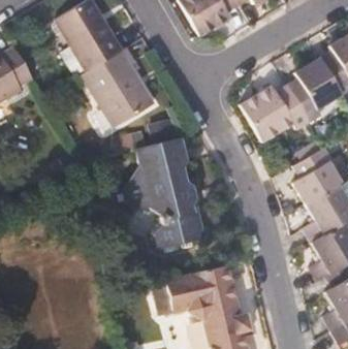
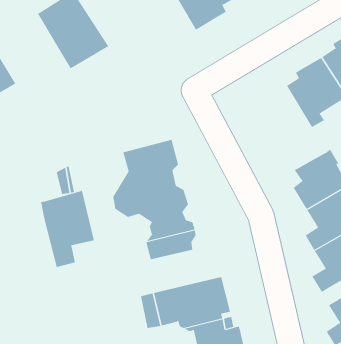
building: [81,45,149,127] -> none
building: [243,86,311,144] -> none
building: none -> [40,190,95,268]

